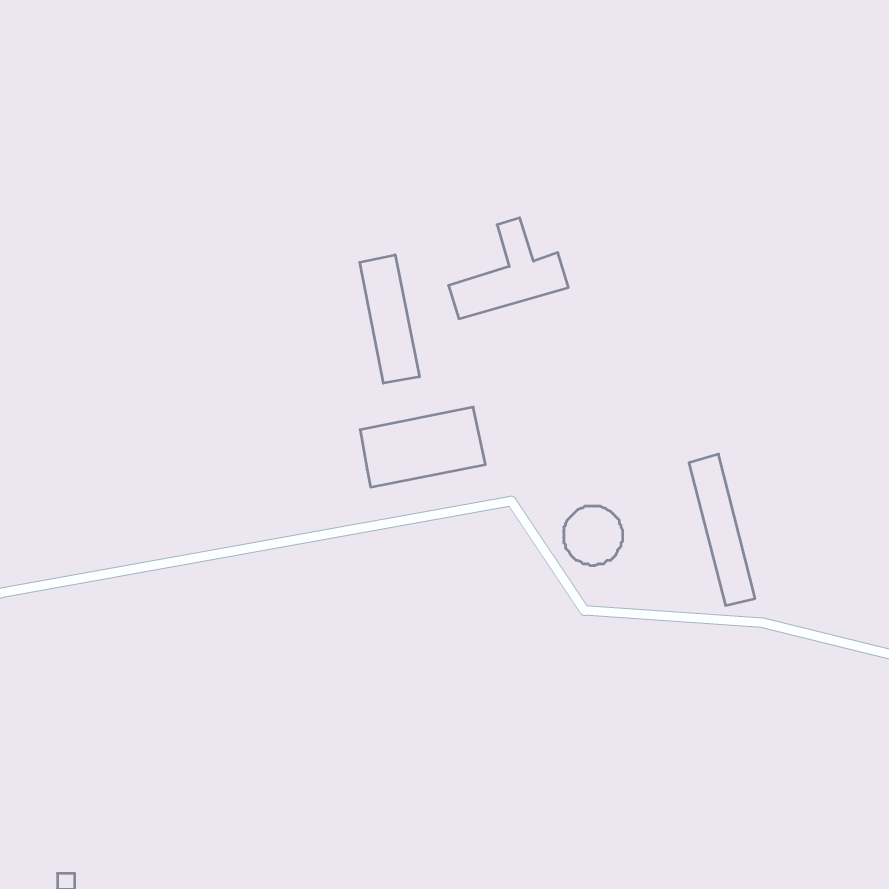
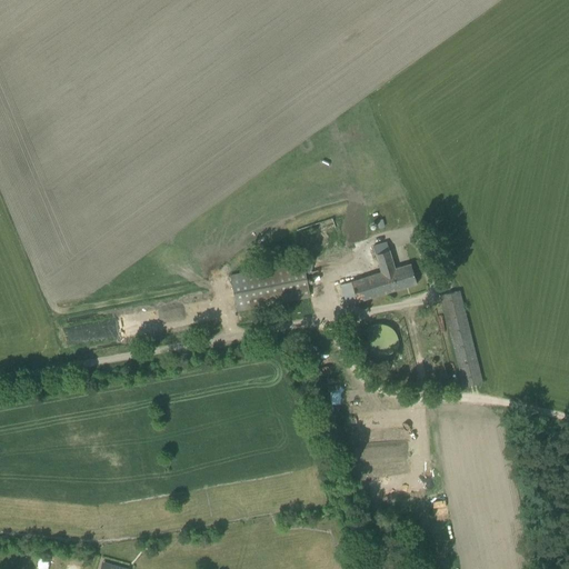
building: [448,218,568,319] -> [340,240,417,305]
building: [360,255,419,383] -> none

